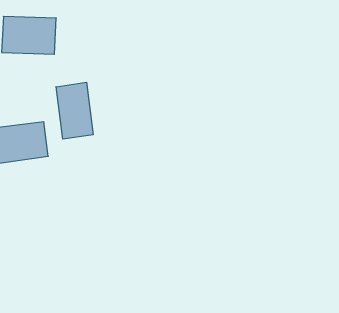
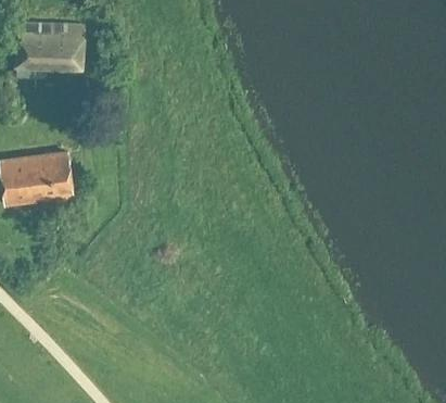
building: [56,82,93,139] -> none

